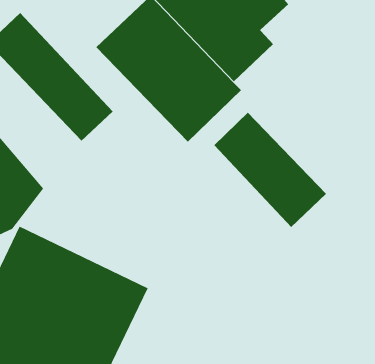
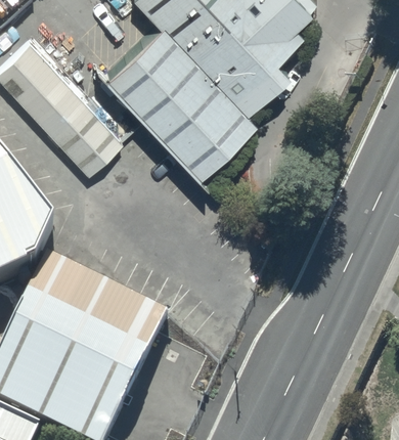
building: [214,112,327,228] -> none

